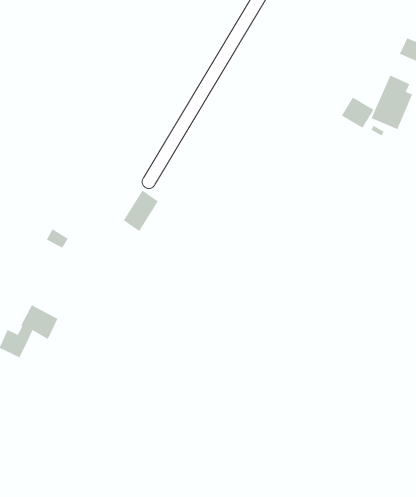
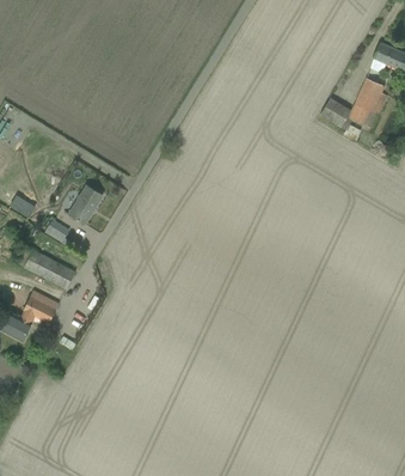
building: [123,190,159,232] -> [68,184,102,224]
building: none -> [24,249,74,288]

